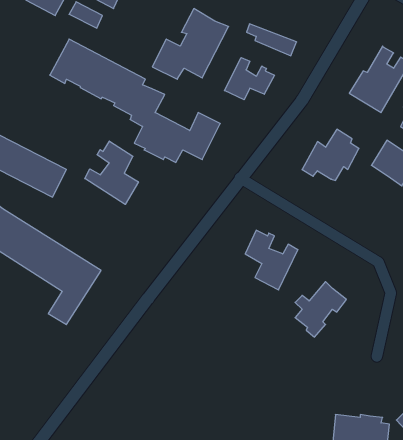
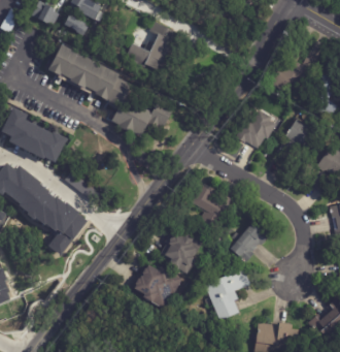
building: [224,58,274,100] -> none
building: [85,141,138,204] -> none
building: none -> [162,232,203,274]
building: none -> [133,262,183,309]
building: none -> [206,268,250,321]

